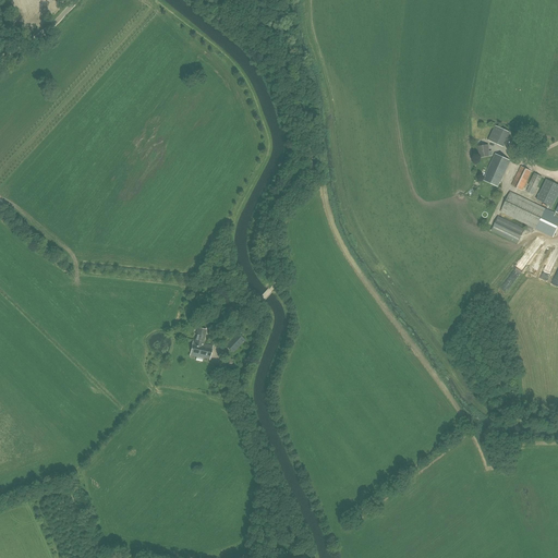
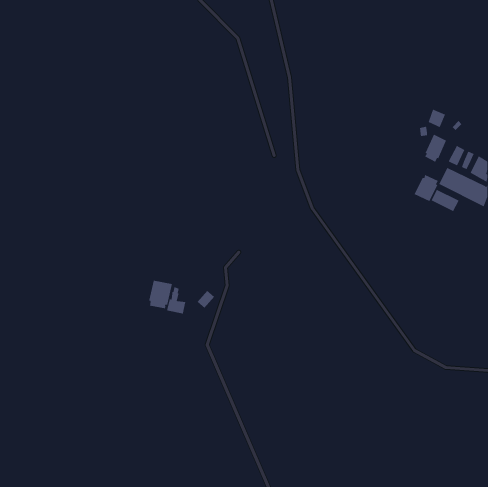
building: none -> [414,174,438,202]
building: none -> [148,280,172,309]

